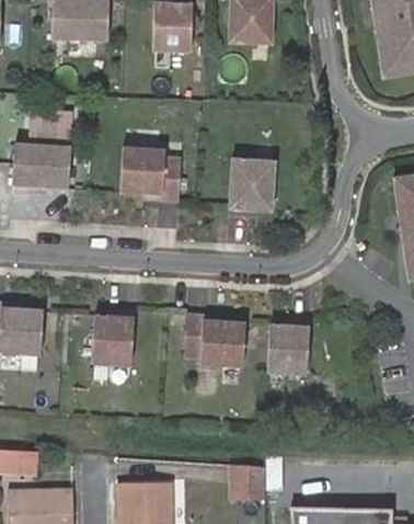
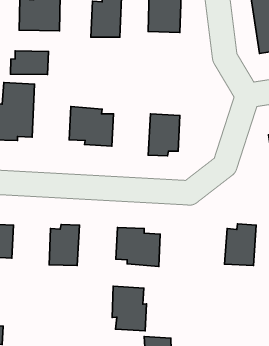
building: none -> [10,51,48,75]
building: [265,317,308,374] -> [225,224,256,266]
building: none -> [112,286,147,331]

